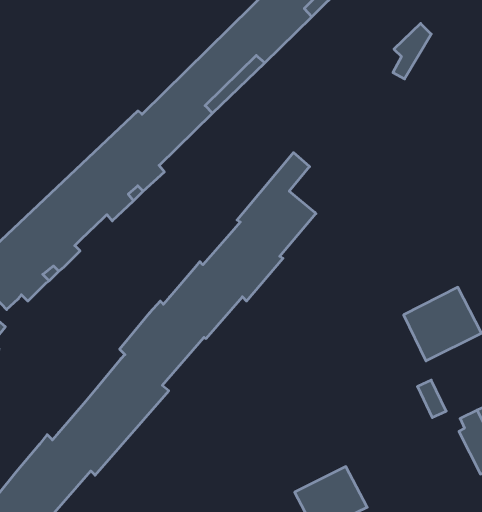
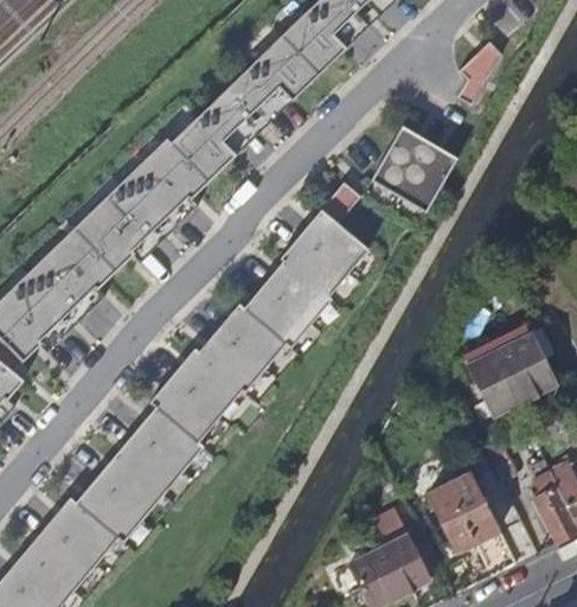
building: none -> [366,123,450,207]
building: none -> [425,468,496,545]

